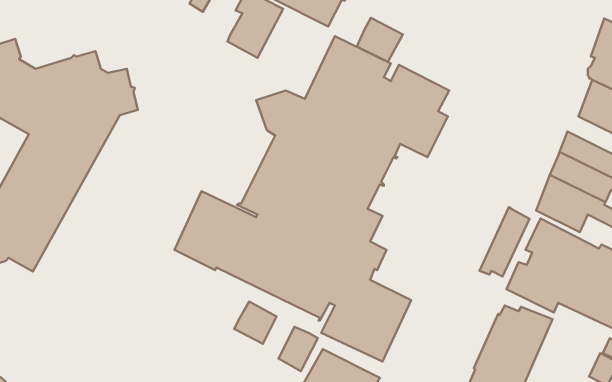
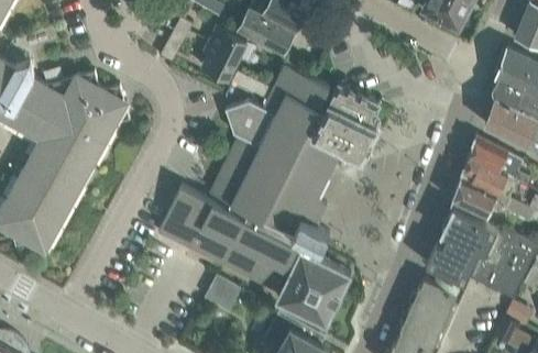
building: [357,18,403,62] -> none
building: [479,207,530,276] -> none
building: [278,327,318,371] -> none

